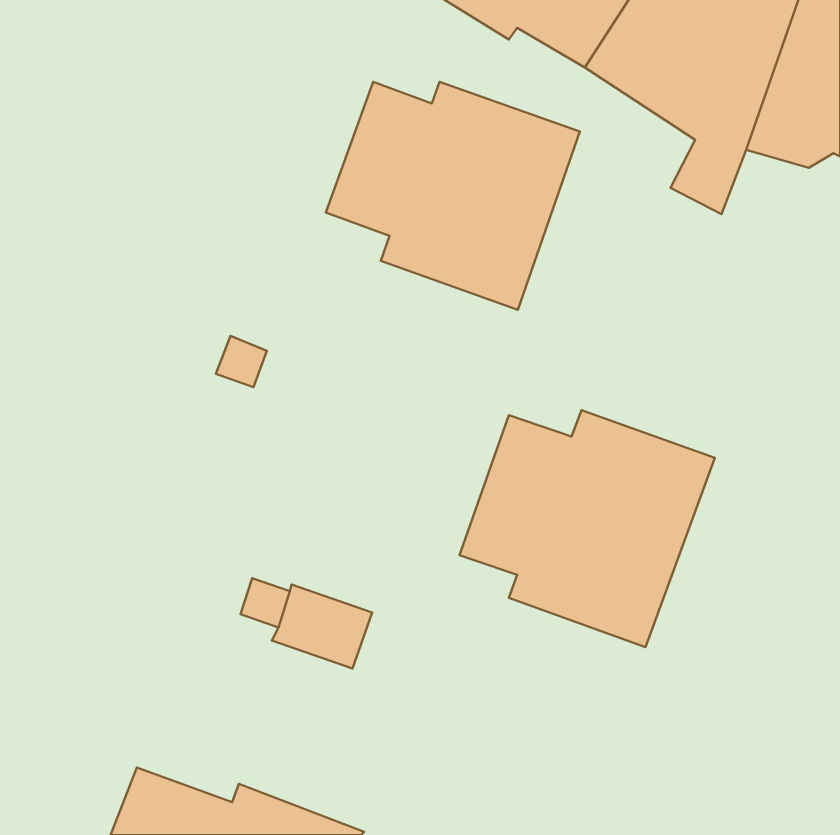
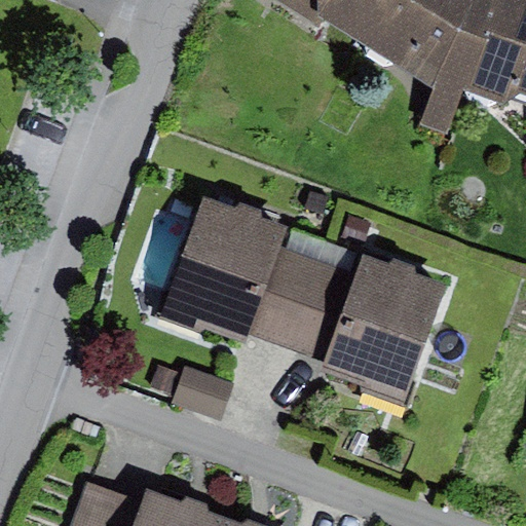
building: [326,82,580,310] -> none
building: none -> [163,198,317,347]

